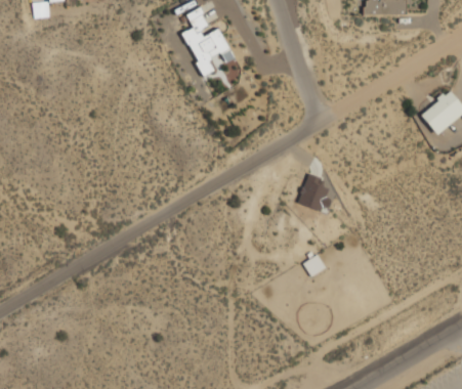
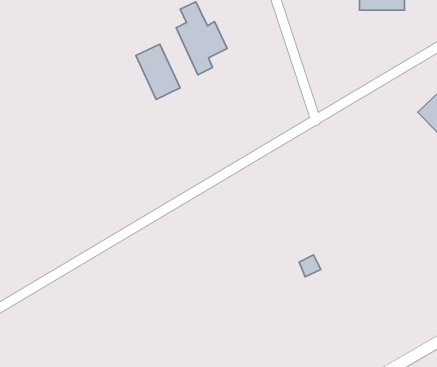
building: none -> [136,44,180,99]
building: [296,174,328,212] -> none

